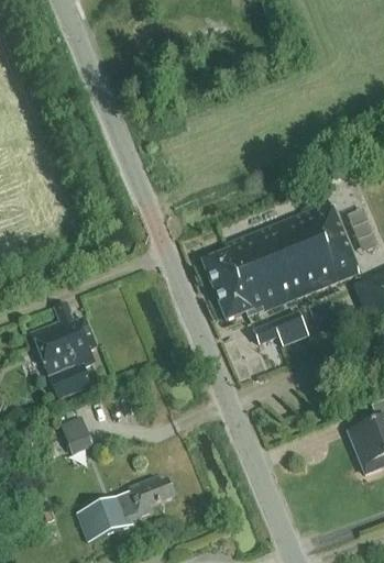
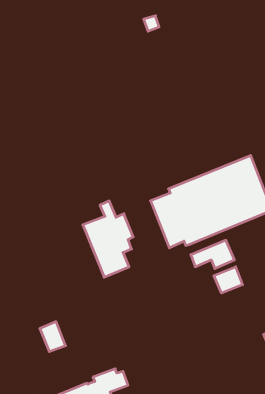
building: [32,300,97,398] -> [83,201,133,277]
building: none -> [214,267,243,293]

